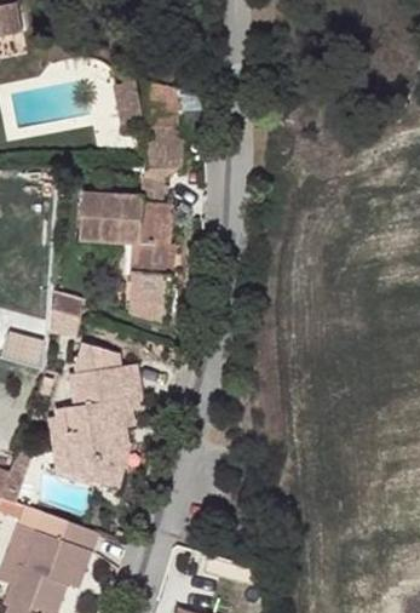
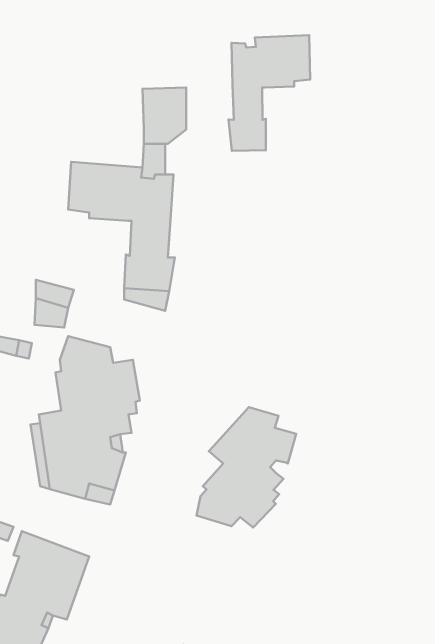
building: none -> [228,35,310,151]
building: none -> [196,407,296,528]

